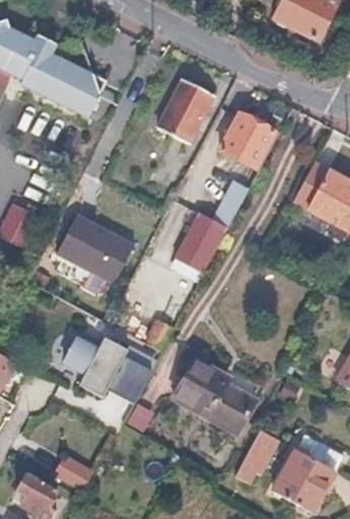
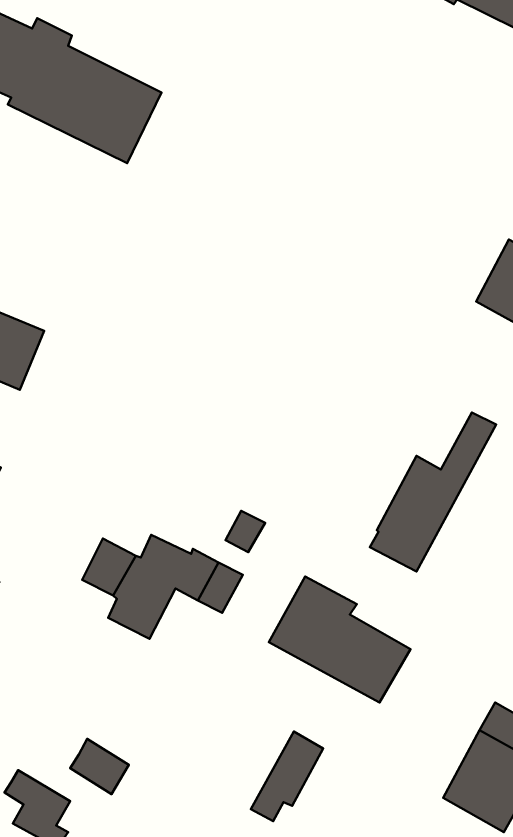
building: [158,79,212,142] -> none
building: [221,115,274,166] -> none
building: [171,188,246,281] -> [370,412,496,572]
building: [59,214,136,281] -> none
building: [234,430,277,483] -> [251,731,323,821]

